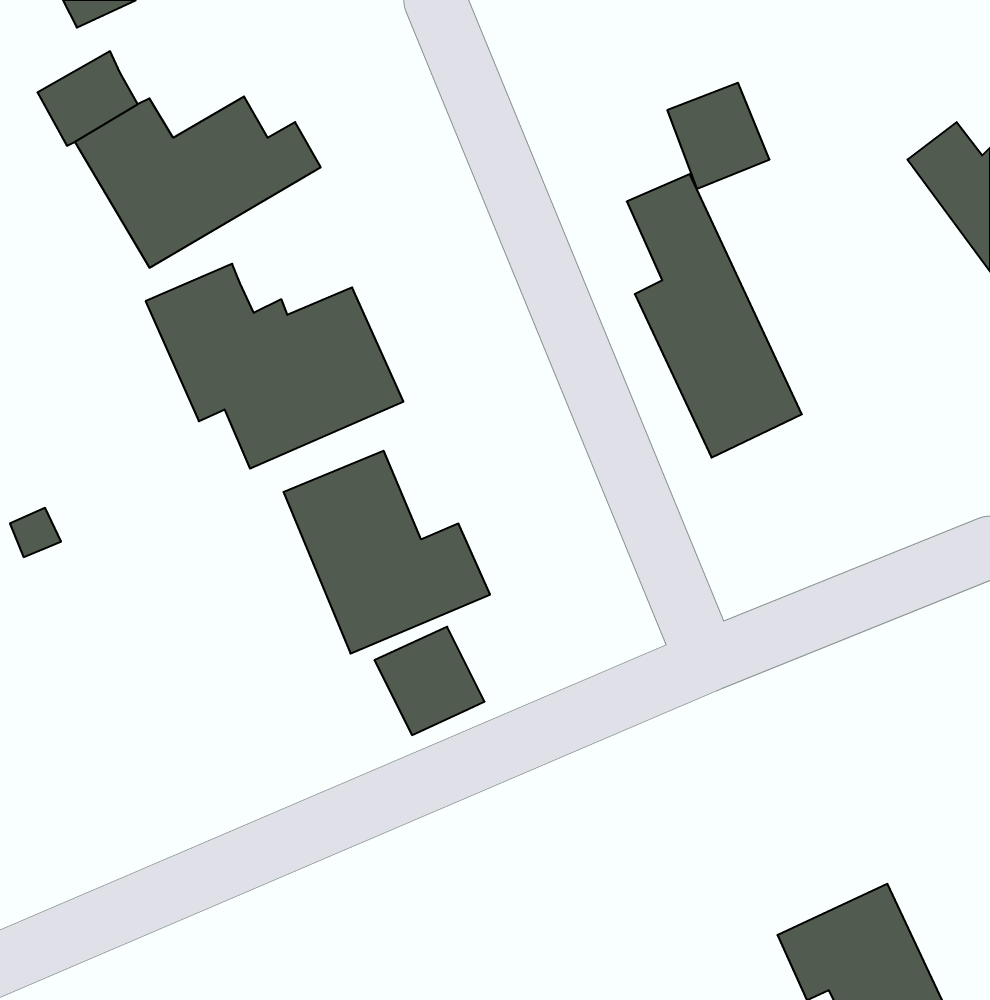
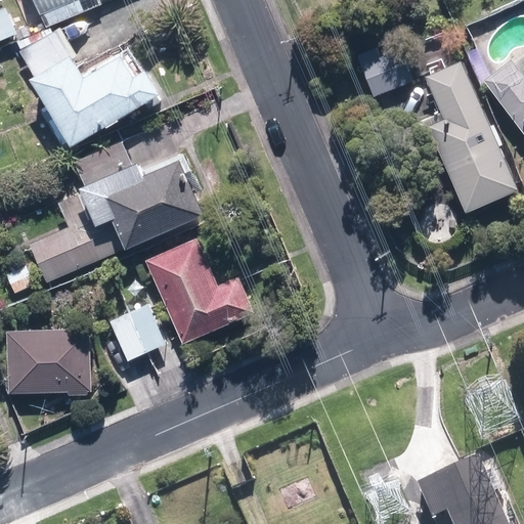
building: [627,174,802,458] -> [413,70,505,217]
building: none -> [29,223,126,282]
building: none -> [10,326,93,395]
building: [374,627,485,735] -> [110,304,167,360]

